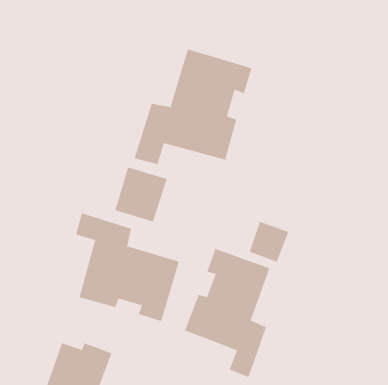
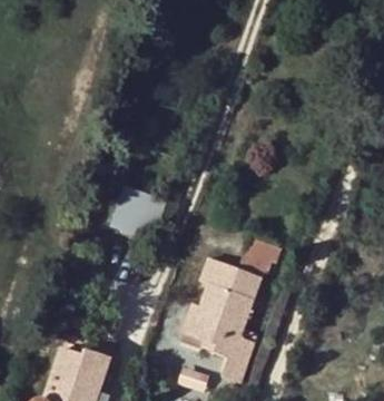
building: [134,49,252,165] -> none
building: [76,213,179,322] -> none

